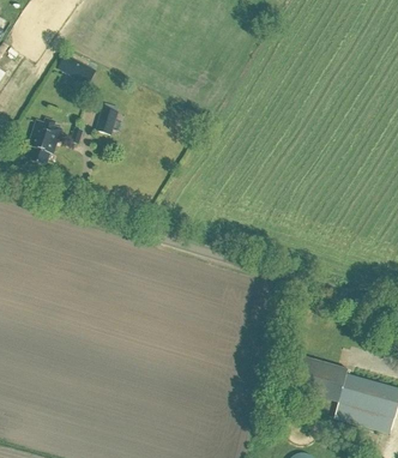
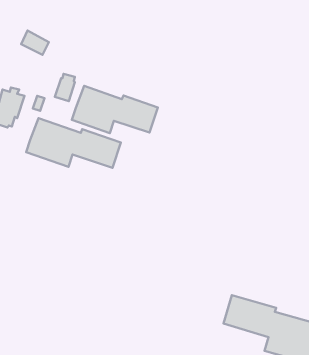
building: none -> [72,86,158,133]
building: none -> [26,118,121,168]

